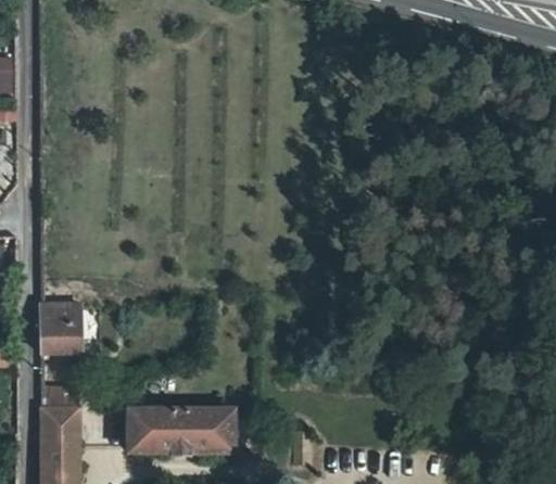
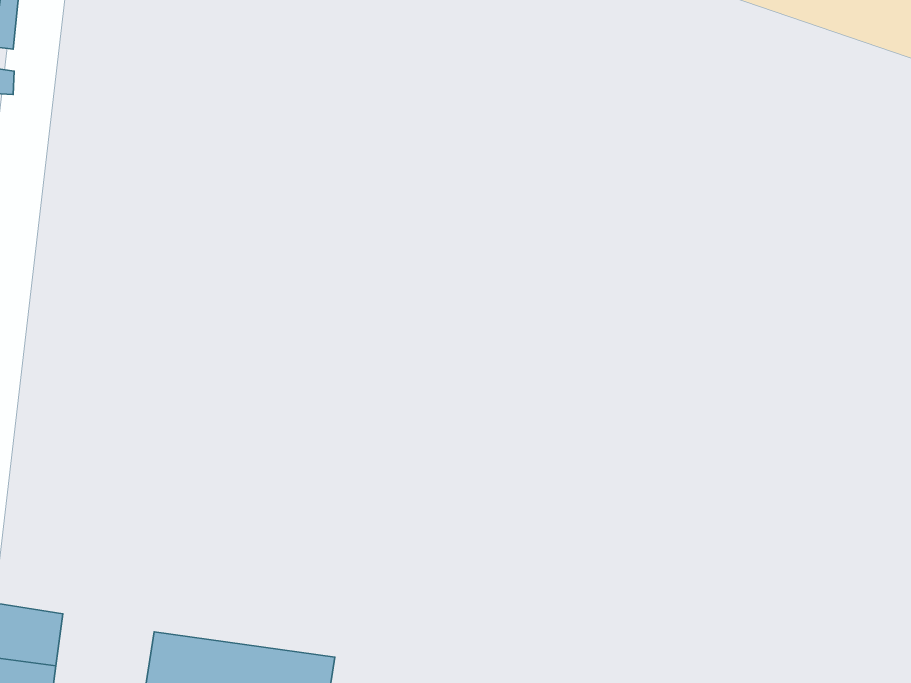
building: [42,302,81,352] -> none

